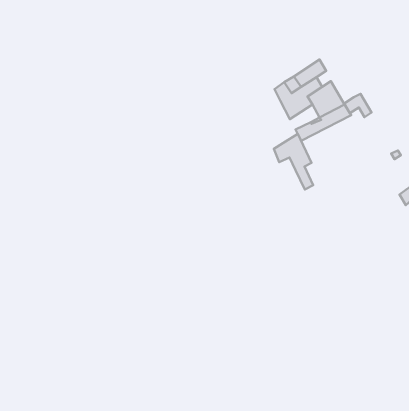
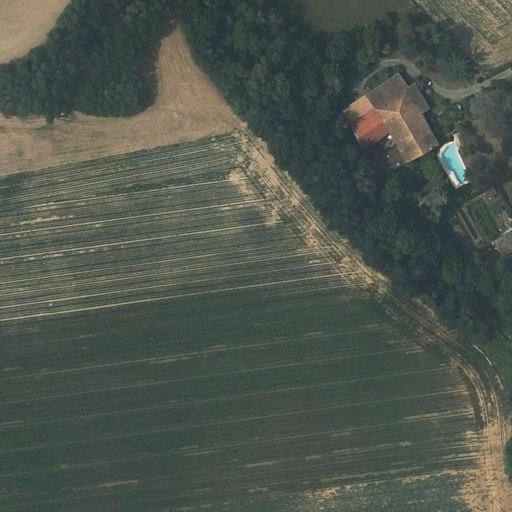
building: [344,94,372,117] -> [396,84,430,113]
building: [274,134,313,190] -> none

